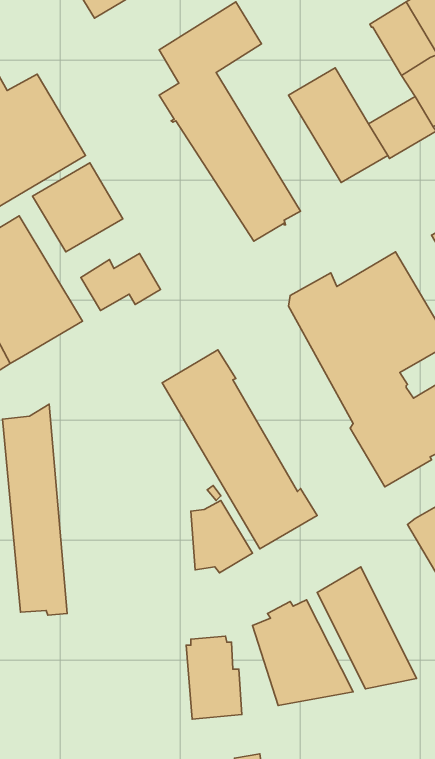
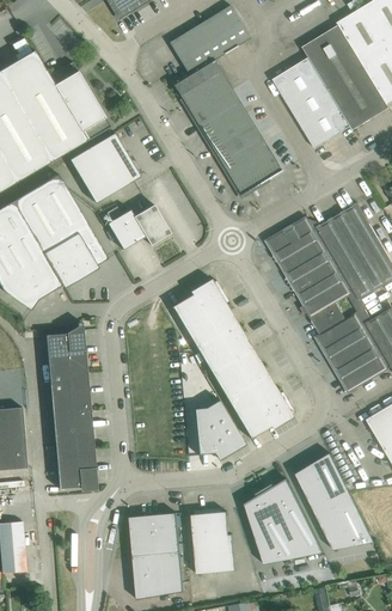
building: none -> [301,25,372,102]
building: none -> [128,512,183,600]

